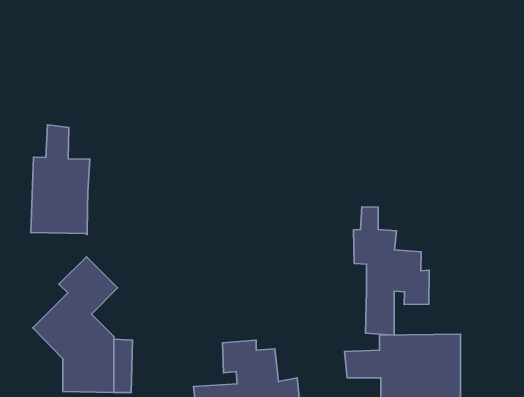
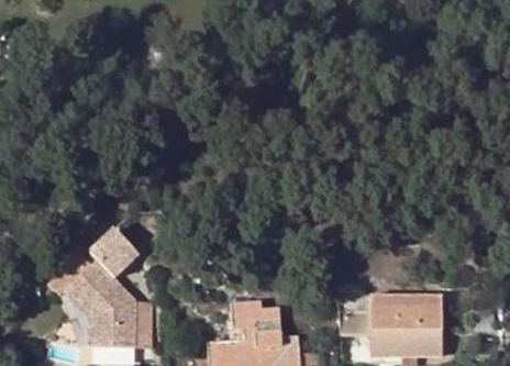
building: [31,125,90,235] -> none
building: [353,207,429,335] -> none

